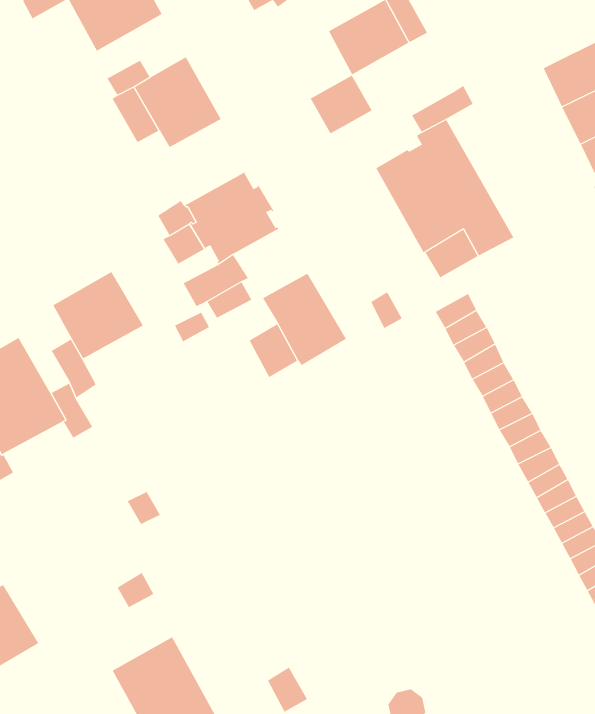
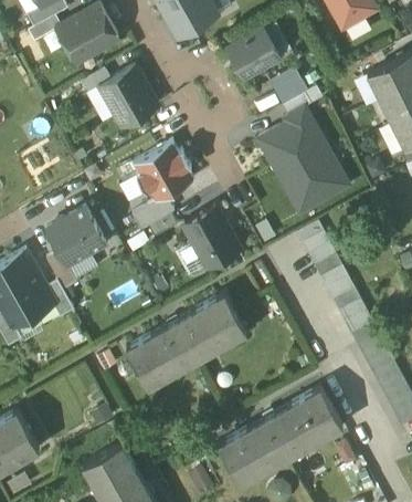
building: [310,75,372,134] -> [268,66,309,105]
building: none -> [125,295,244,389]
building: none -> [218,390,344,488]

